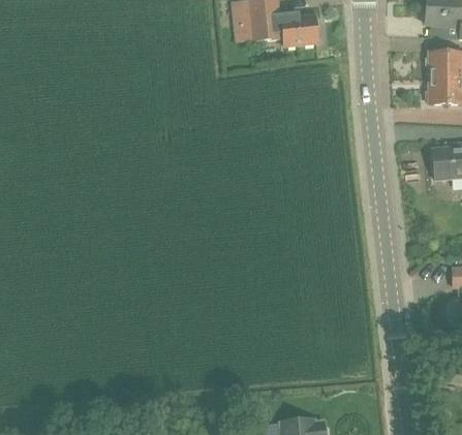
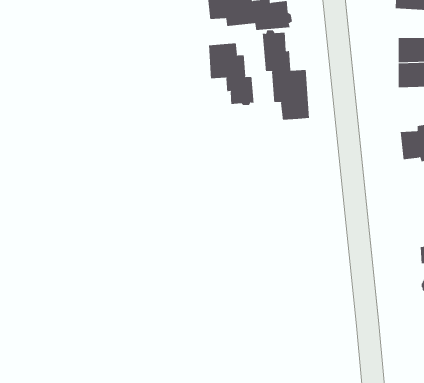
building: none -> [262,30,309,120]
building: none -> [209,43,254,106]

